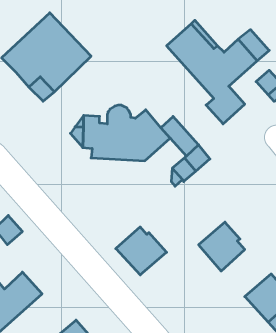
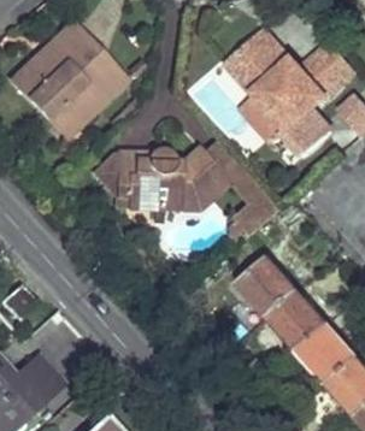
building: [116,227,167,275] -> [232,256,298,318]
building: none -> [293,324,357,384]

